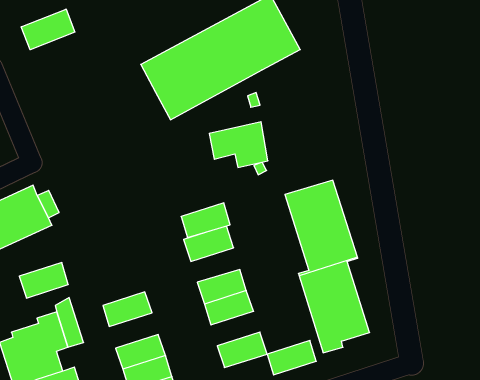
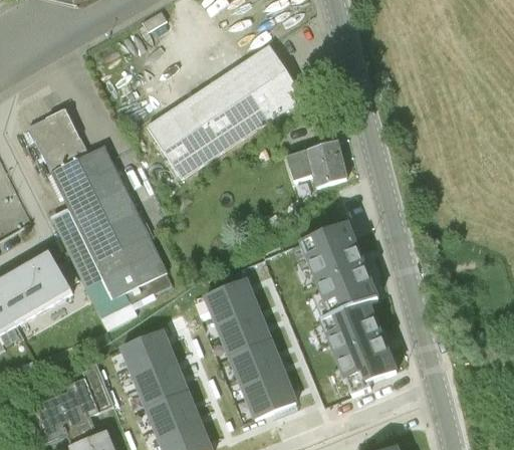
building: [21,9,75,50] -> none
building: none -> [28,106,171,317]
building: [209,122,268,167] -> [286,140,346,187]
building: [181,203,230,237] -> [213,298,262,335]
building: [19,263,68,298] -> [120,328,170,367]
building: none -> [138,370,187,408]
building: [267,340,316,375] -> [238,360,287,397]

